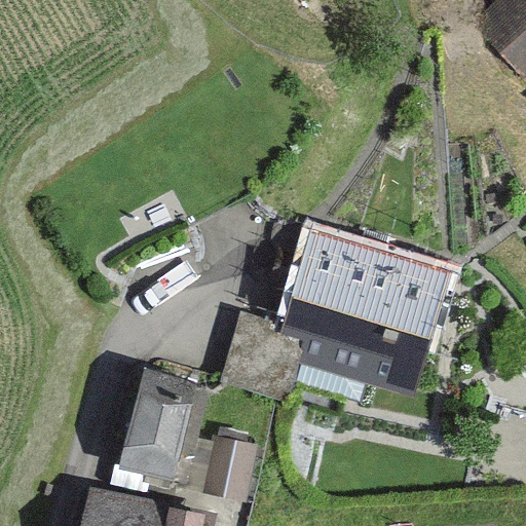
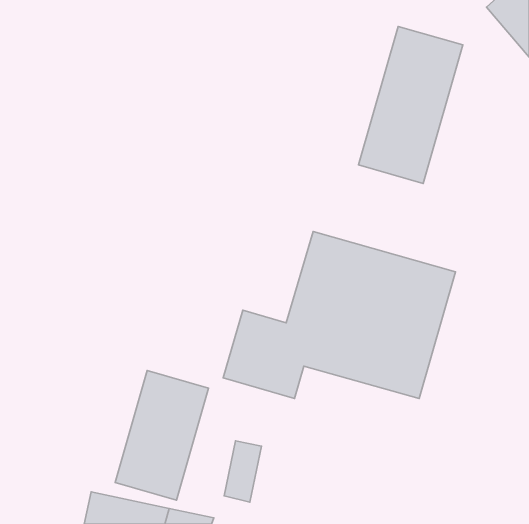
building: none -> [358,26,463,183]

